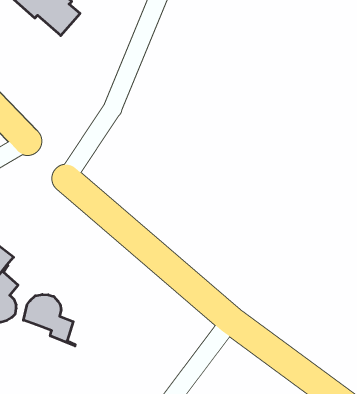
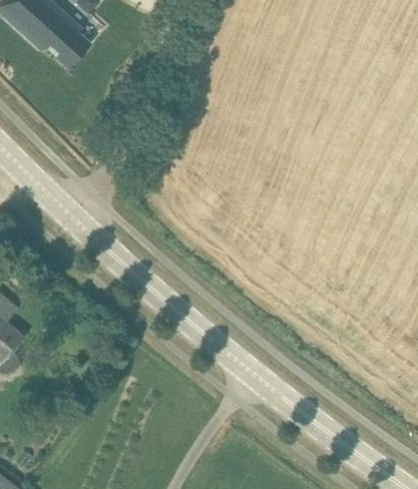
building: [23,294,75,346] -> none

